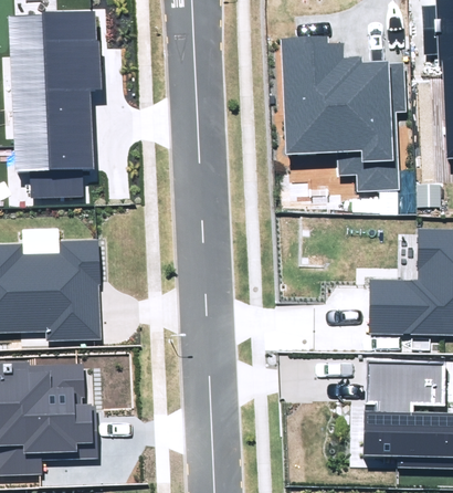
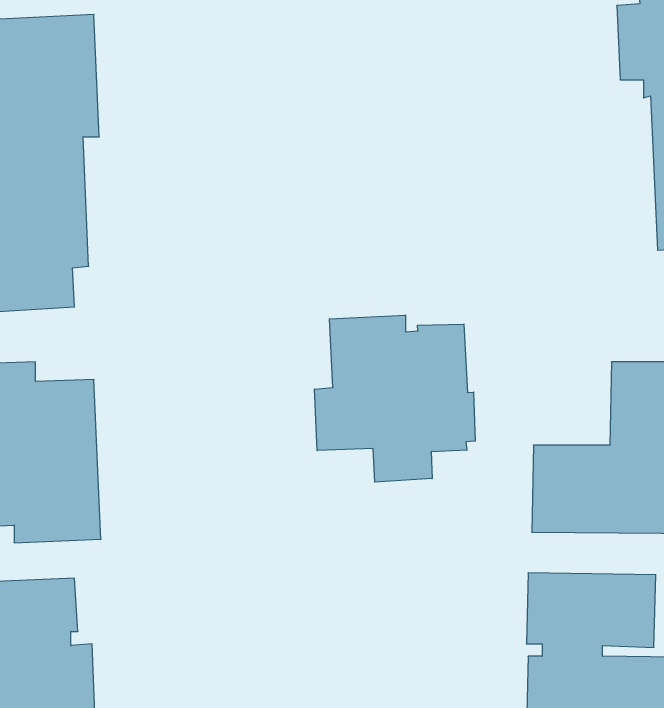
building: [280,36,405,193] -> none
building: none -> [314,315,475,482]

